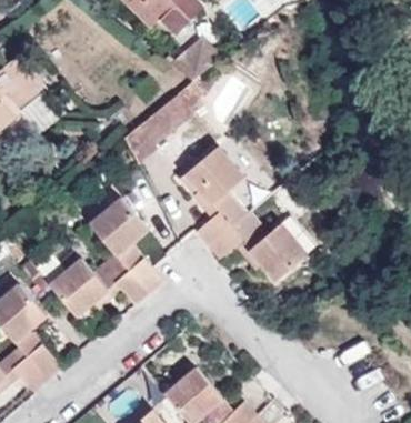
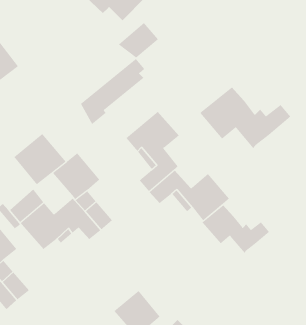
building: none -> [200,87,291,149]
building: none -> [14,133,66,185]
building: none -> [202,205,270,254]

